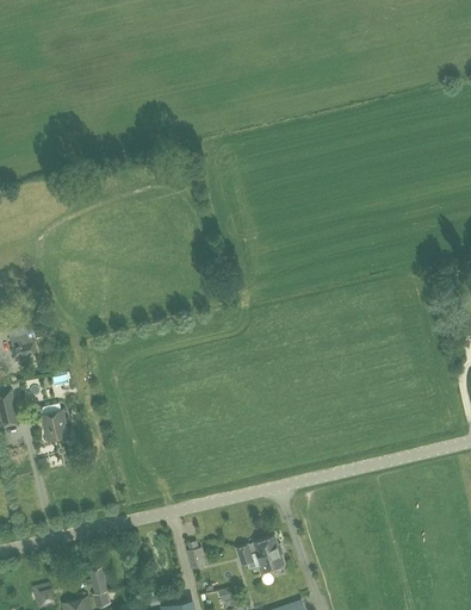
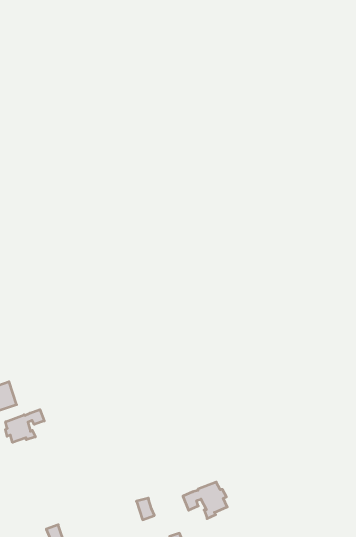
building: none -> [5,410,44,442]

